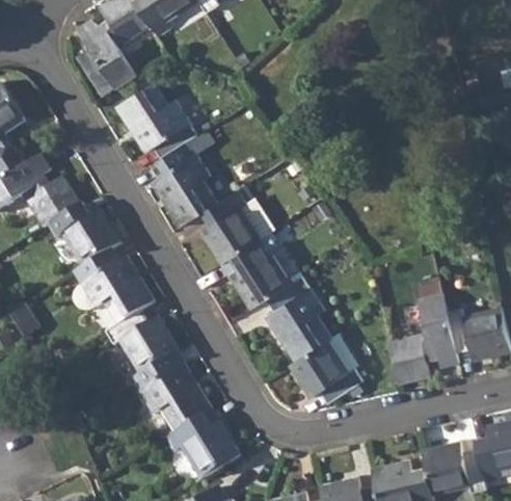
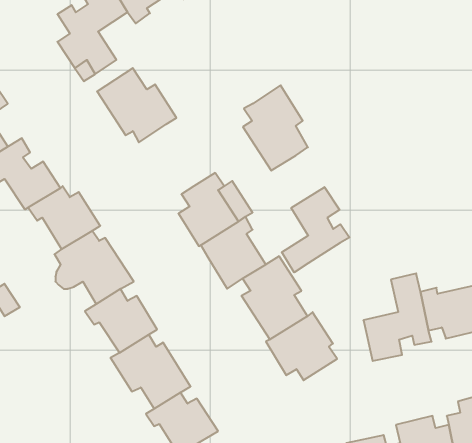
building: [150,141,216,229] -> [243,85,308,171]
building: none -> [282,187,350,272]

